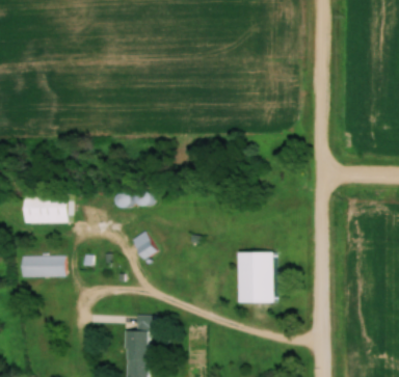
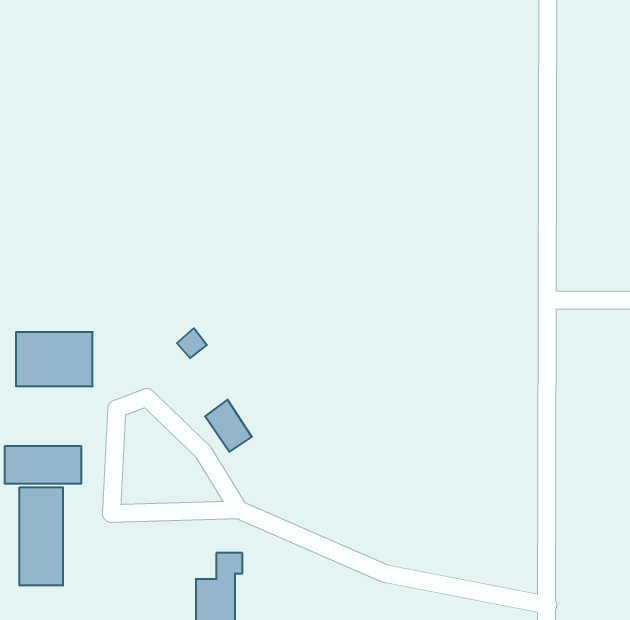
building: [240,252,274,303] -> none
building: none -> [20,487,63,586]

